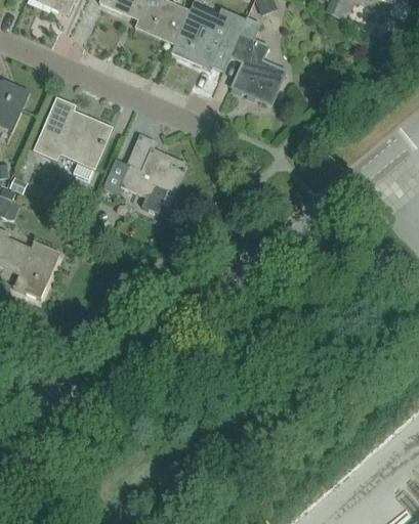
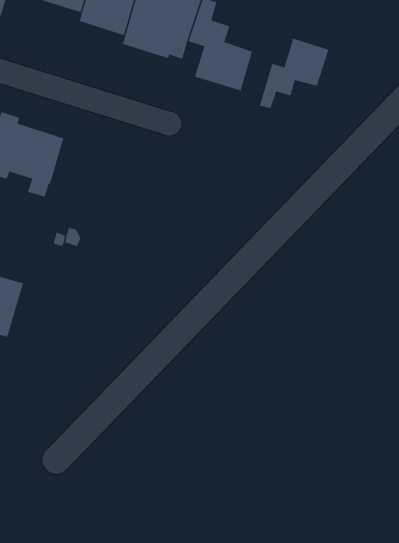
building: none -> [259,38,329,109]
building: [120,135,185,213] -> none

